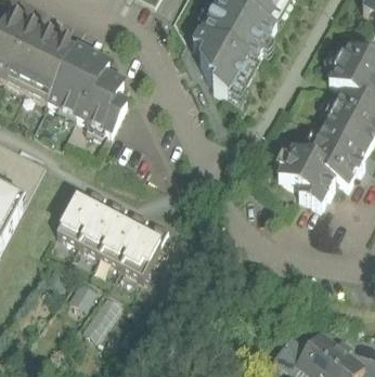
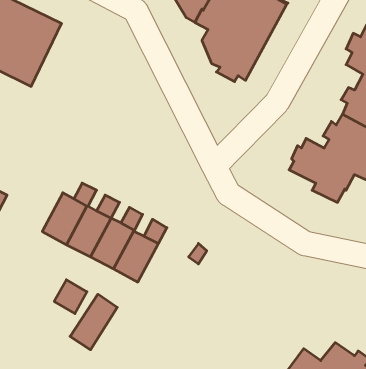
building: [48,42,128,130] -> none

